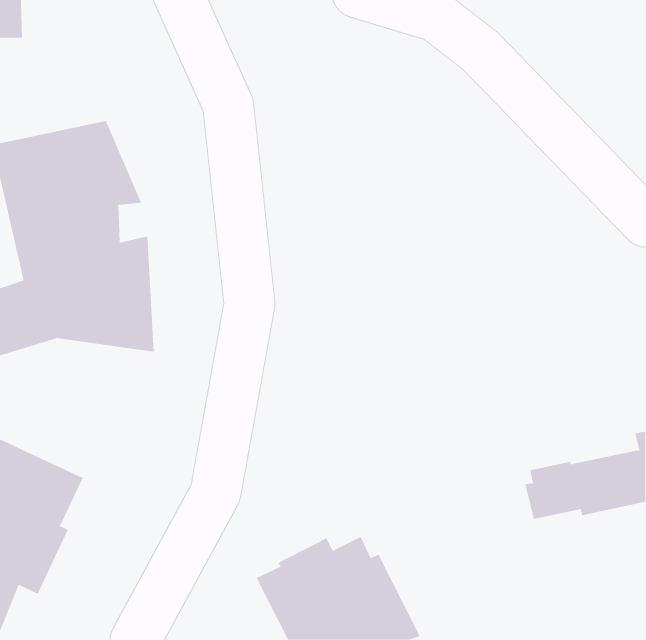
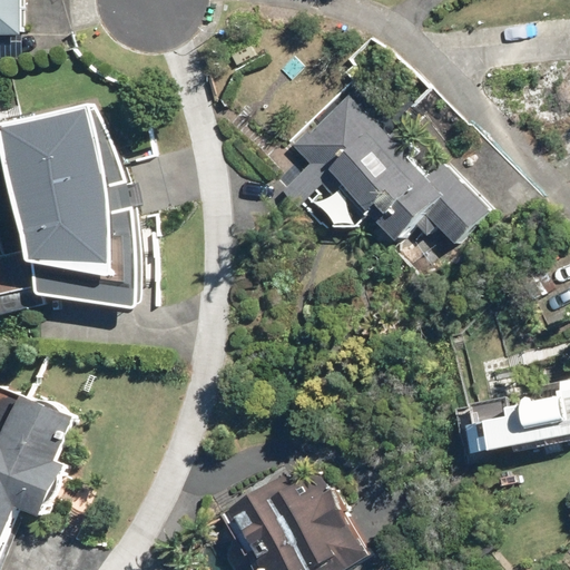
building: none -> [281,79,491,245]

